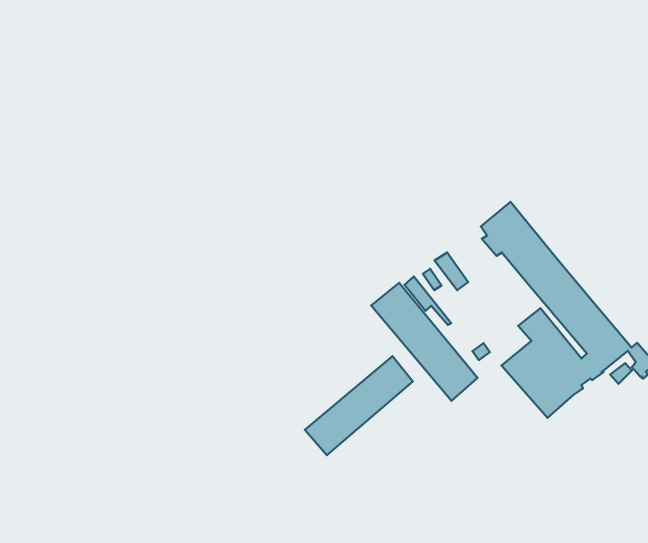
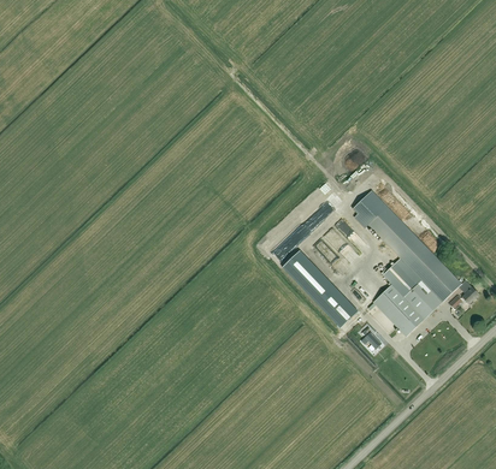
building: [305,356,413,455] -> none

